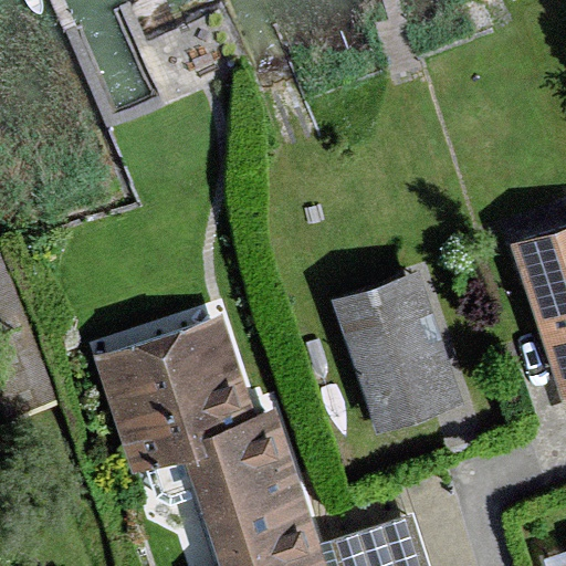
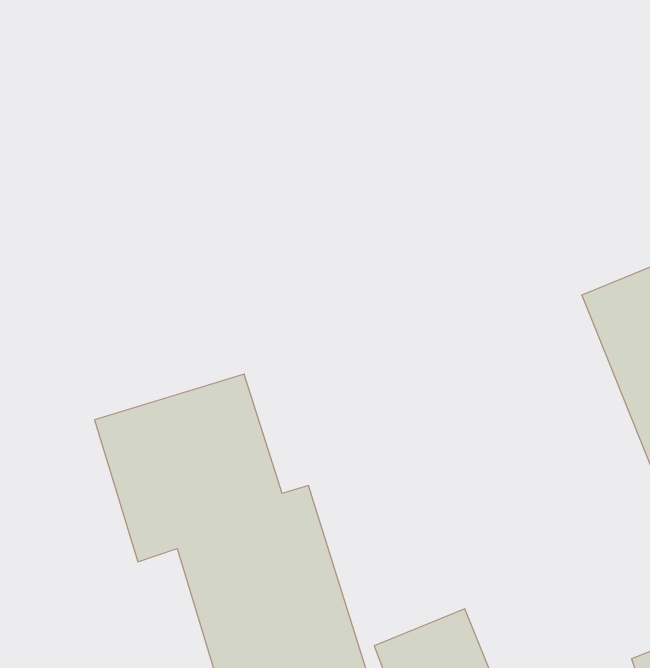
building: [335,272,462,426] -> none

